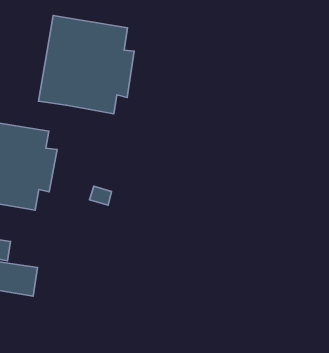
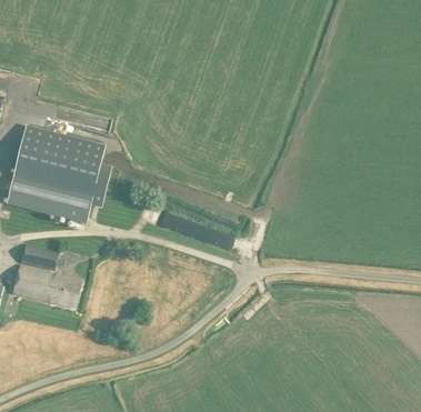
building: [38,16,134,114] -> none

